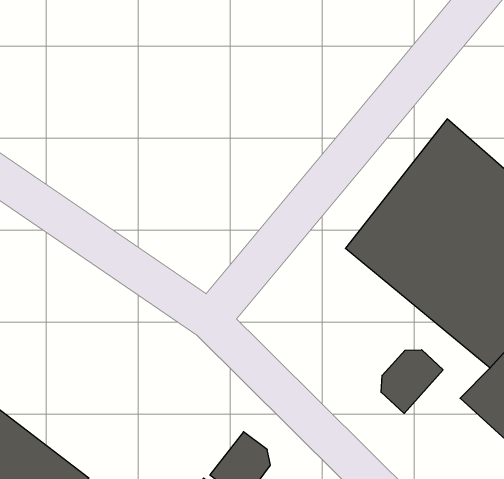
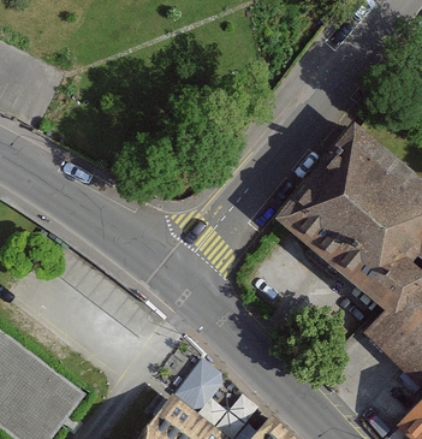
building: [381,350,443,413] -> none

